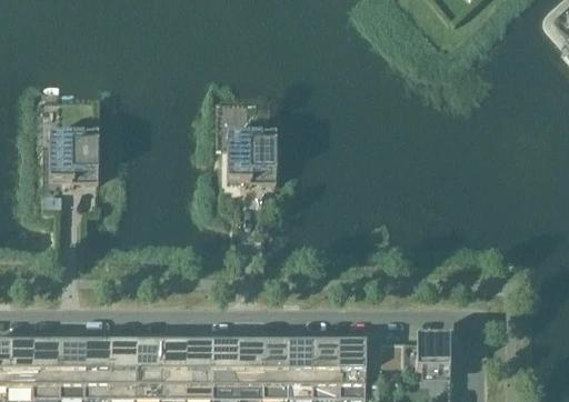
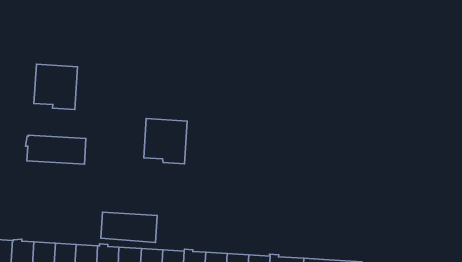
building: [227,131,276,182] -> [144,119,187,164]
building: none -> [25,135,86,164]
building: none -> [101,212,157,242]

